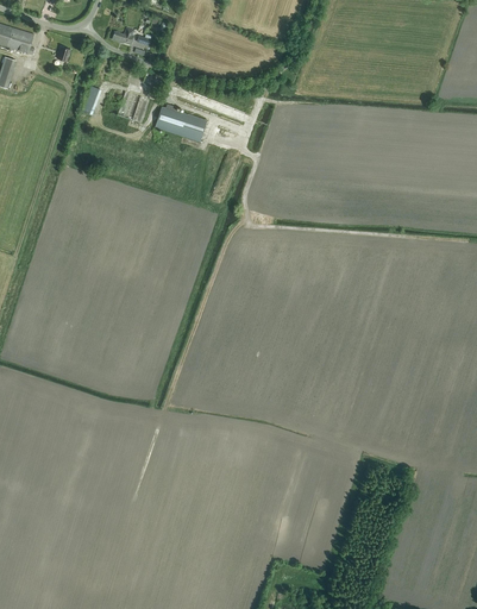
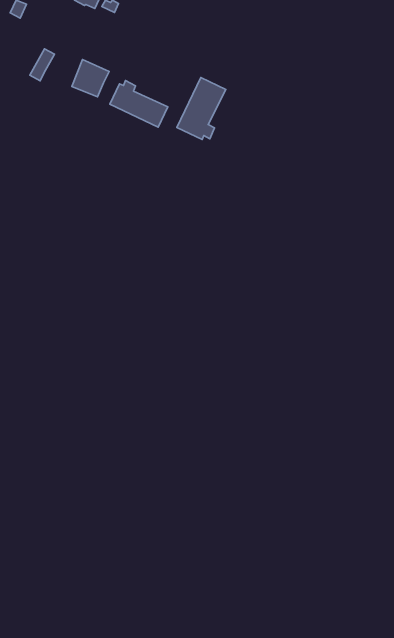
building: none -> [177,78,226,139]

